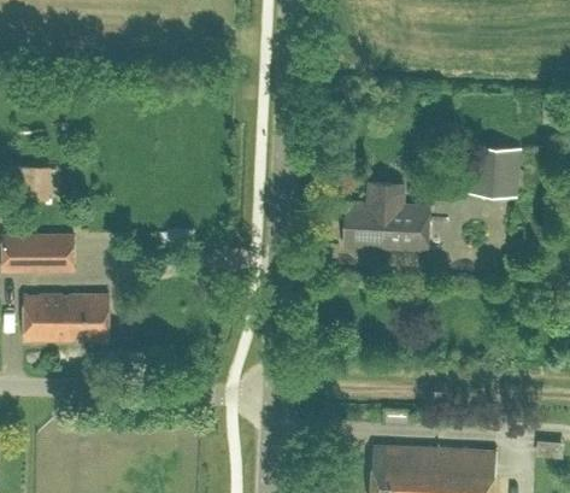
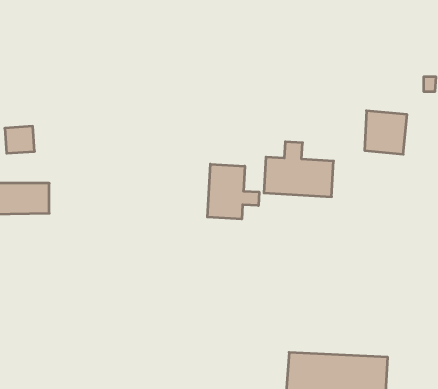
building: none -> [207,164,259,219]
building: [28,294,111,339] -> none

